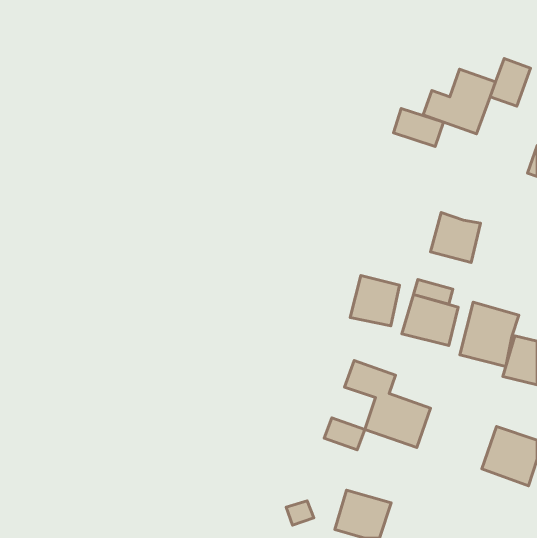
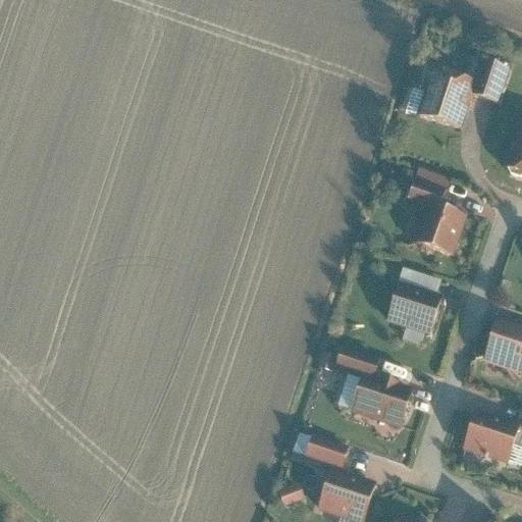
building: [394,108,444,147] -> [405,174,453,211]
building: [350,276,399,326] -> none
building: [460,302,519,366] -> none
building: [324,418,365,450] -> [307,437,346,468]

